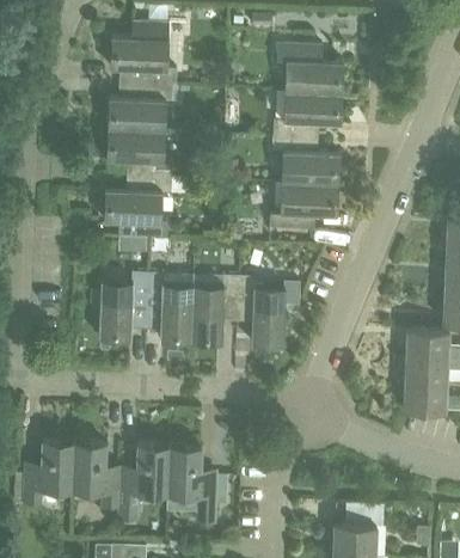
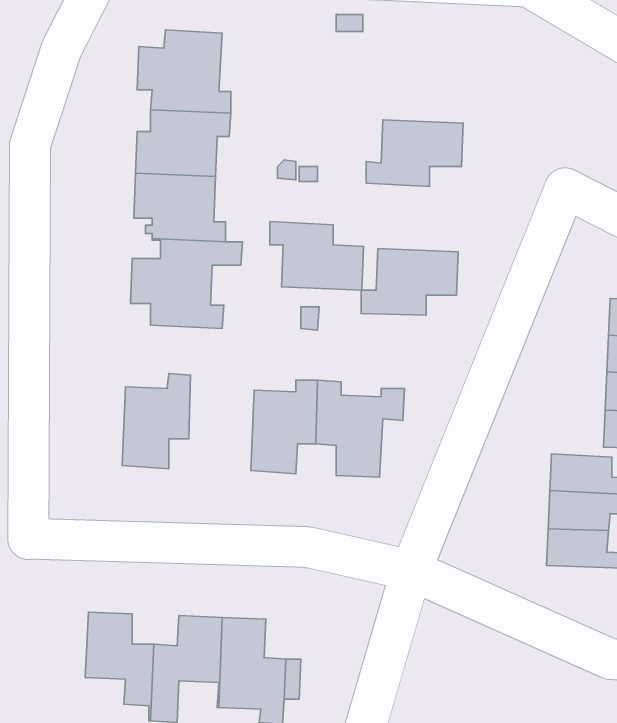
building: [277,44,344,93] -> none
building: [274,136,341,185] -> [270,222,363,290]
building: [147,274,194,342] -> none
building: [23,442,75,507] -> none

